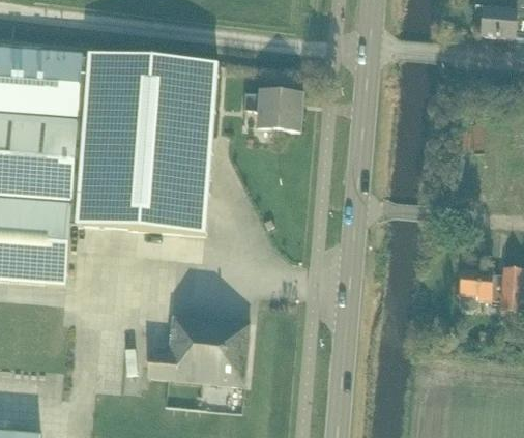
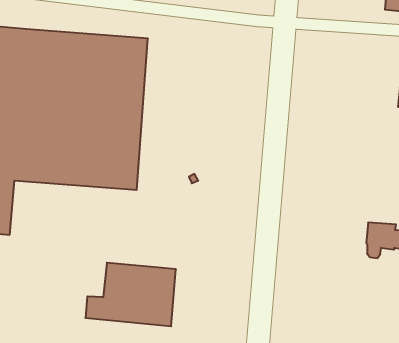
building: [241,88,300,128] -> none

